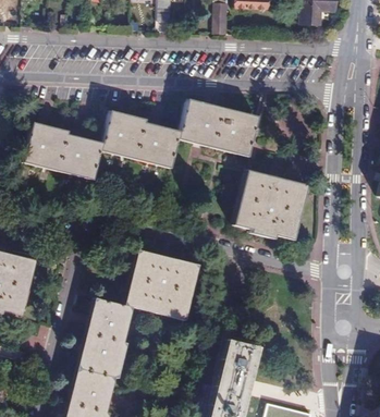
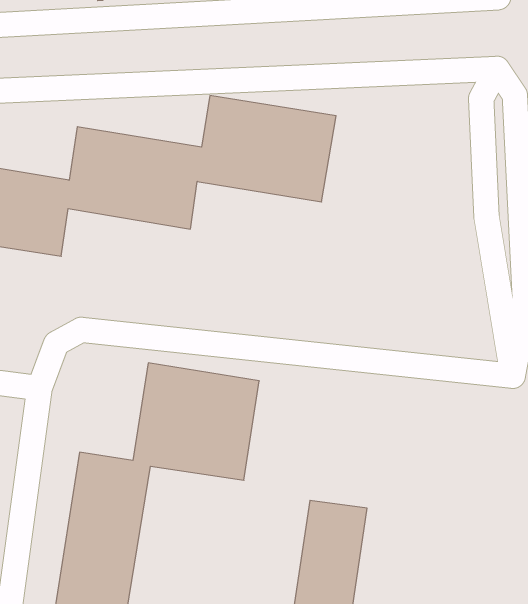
building: [234,167,308,236] -> none

